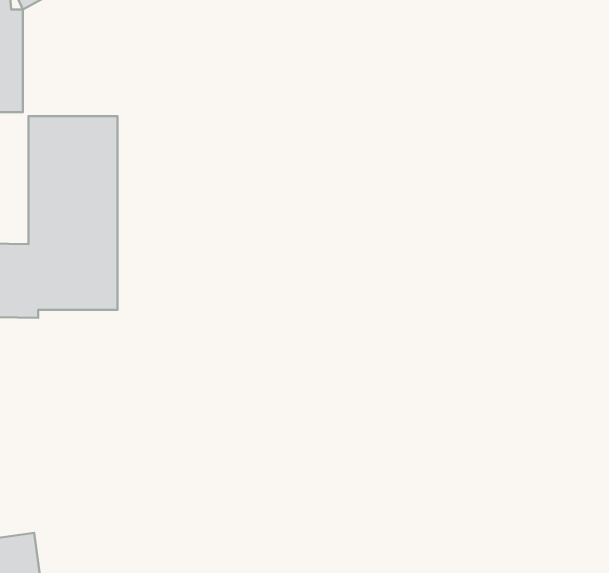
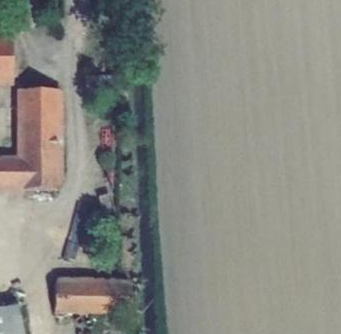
building: none -> [54,278,130,318]

